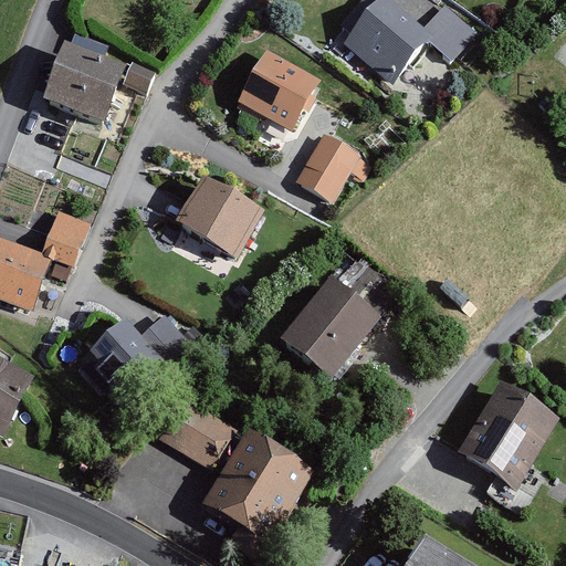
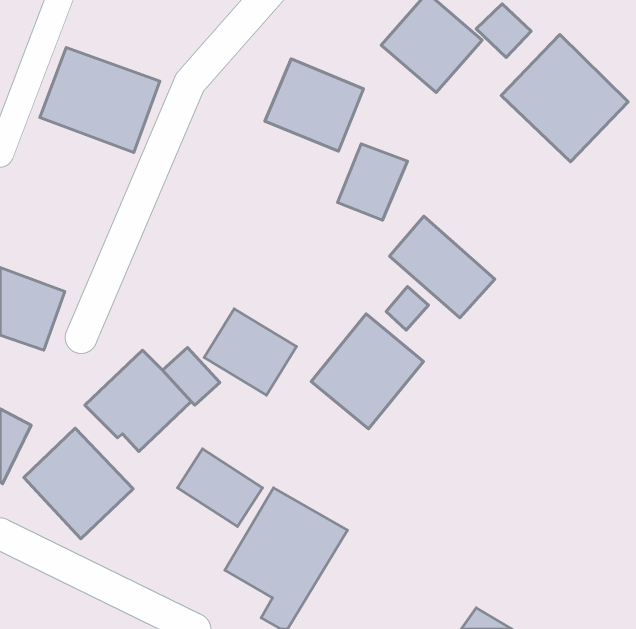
building: none -> [501,35,628,162]
building: [178,178,260,254] -> [204,309,297,395]
building: none -> [390,216,495,318]
building: [44,207,94,260] -> none
building: none -> [24,428,133,539]
building: [459,384,556,485] -> none

